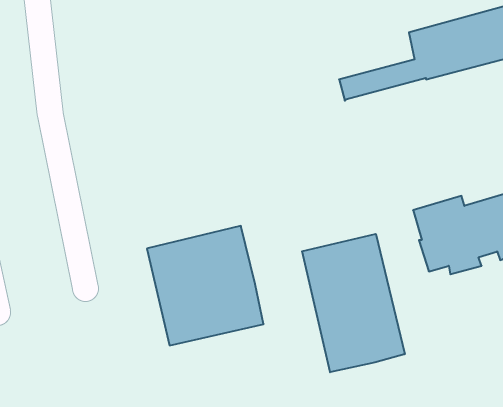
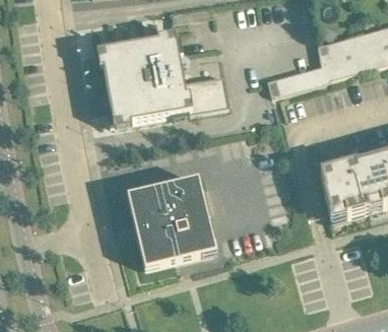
building: none -> [101,37,230,125]
building: [302,234,405,372] -> none

